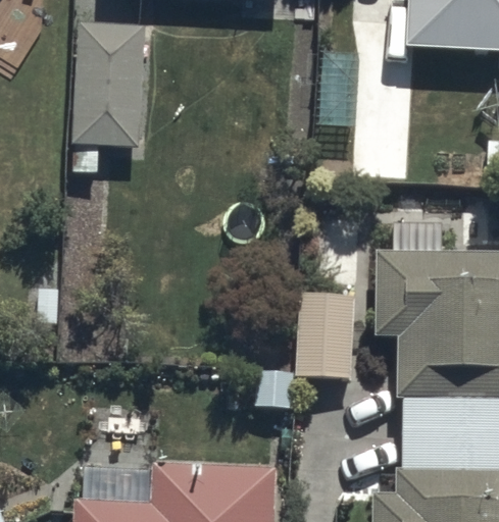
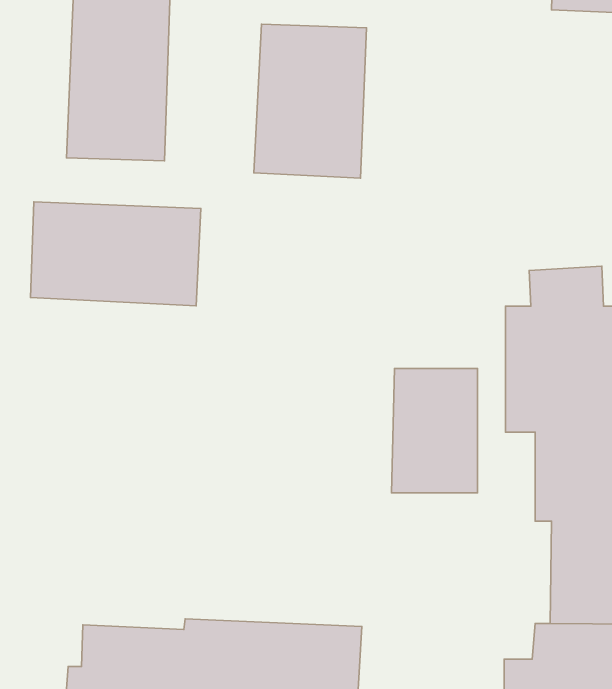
building: none -> [254,24,366,178]
building: none -> [30,202,201,306]

